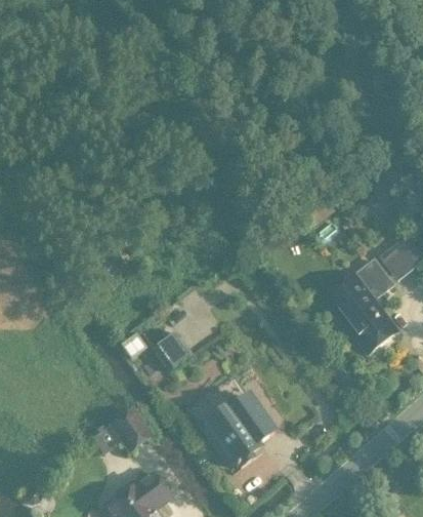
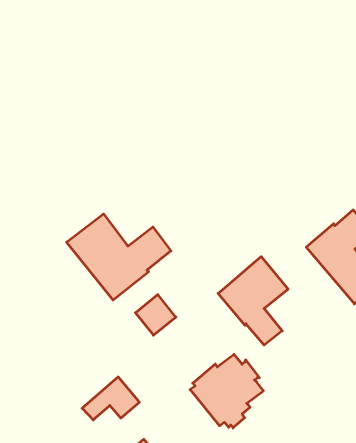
building: none -> [67,214,171,300]
building: none -> [218,257,288,345]

